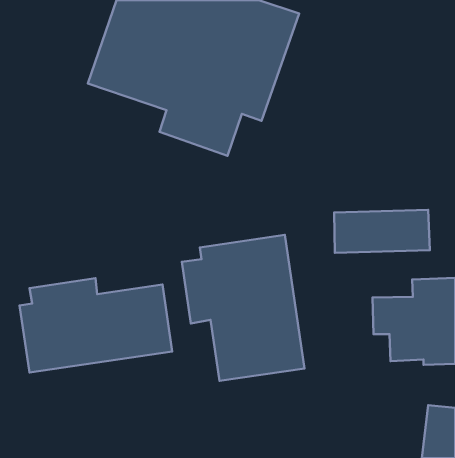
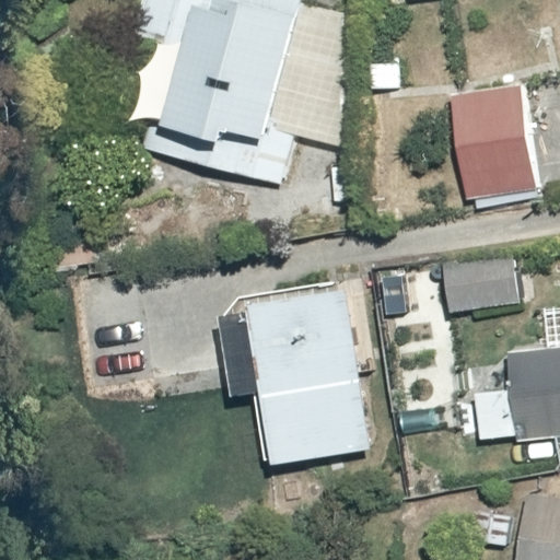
building: none -> [448,84,540,208]
building: [20,278,172,372] -> none

